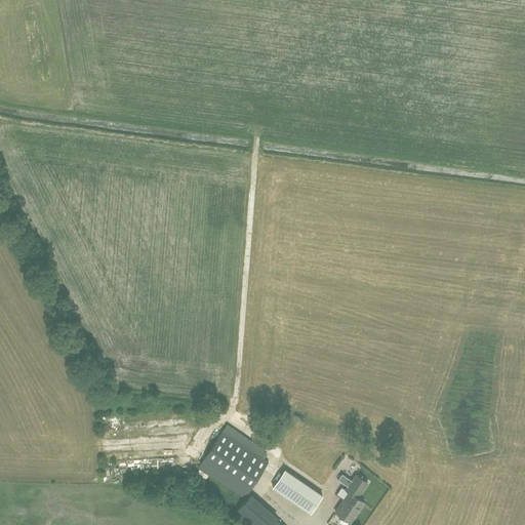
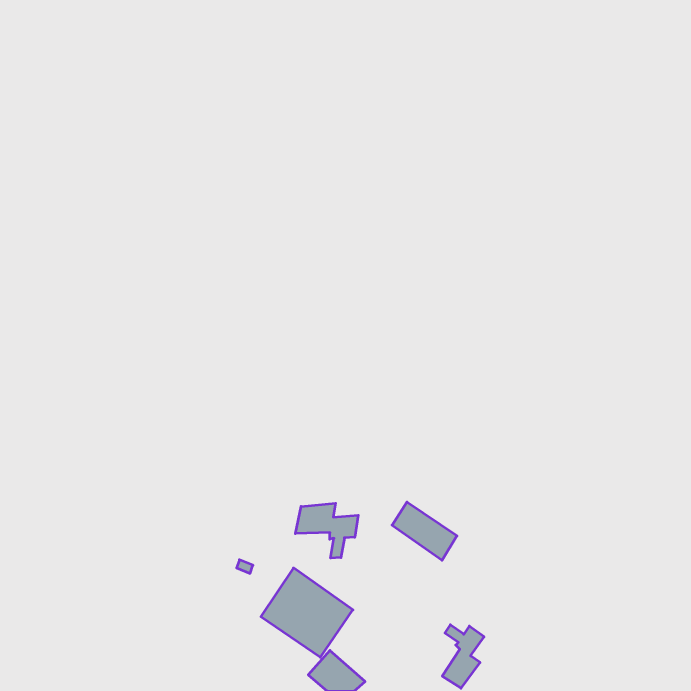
building: none -> [295,503,358,558]
building: [273,470,322,514] -> [392,502,457,560]

